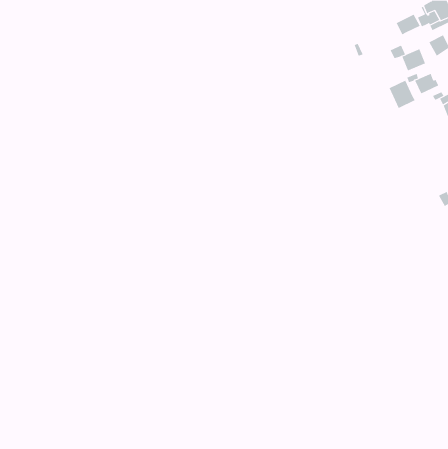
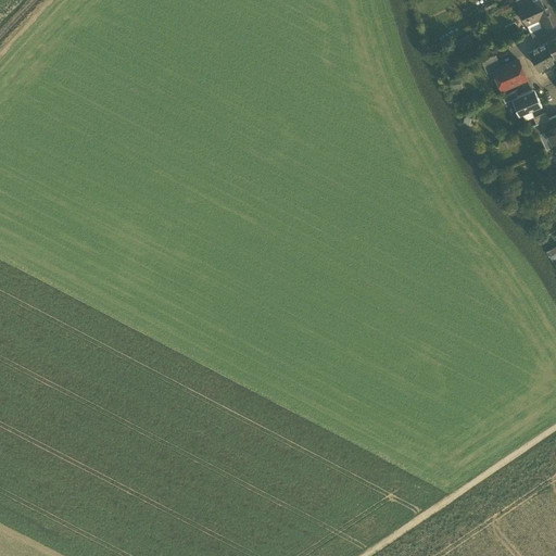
building: [396,14,420,35] -> none
building: [389,80,415,109] -> none

